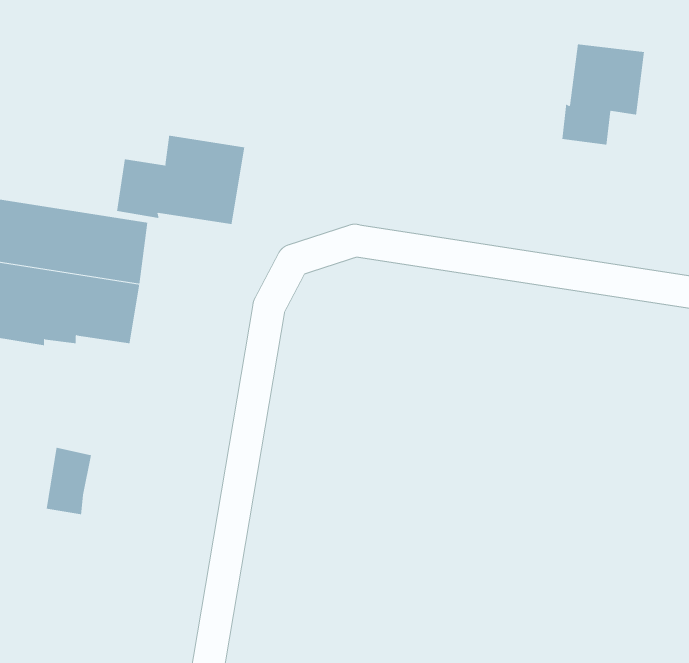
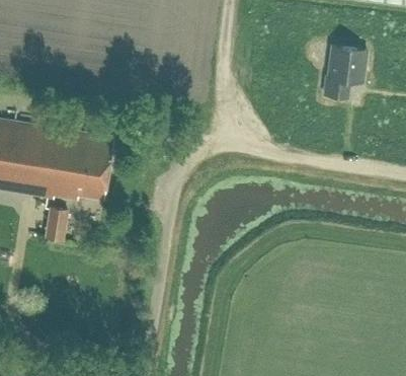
building: [116,135,245,225] -> none
building: [46,447,92,515] -> [46,206,69,240]

